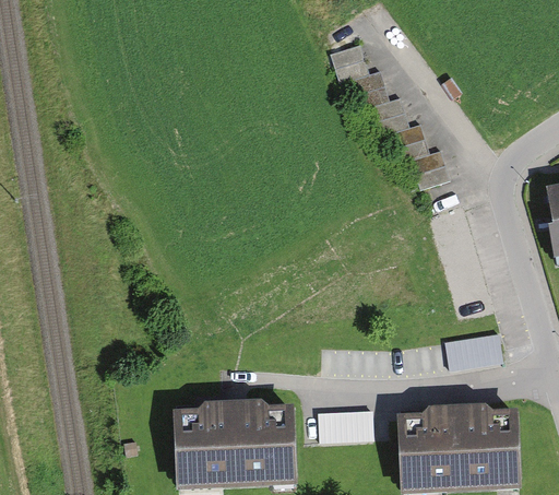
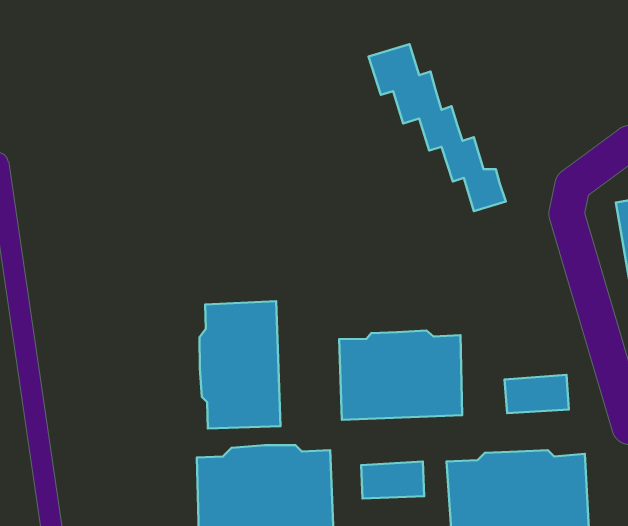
building: none -> [200,301,281,428]
building: none -> [339,331,462,420]

